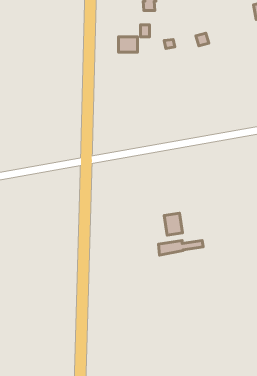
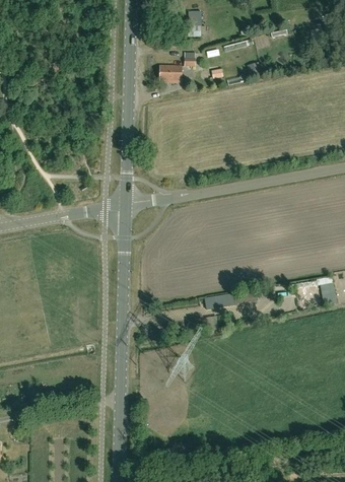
building: [164,213,183,235] -> none

